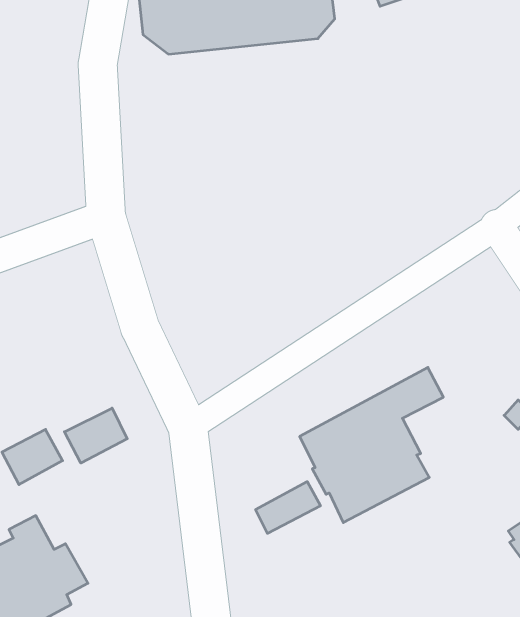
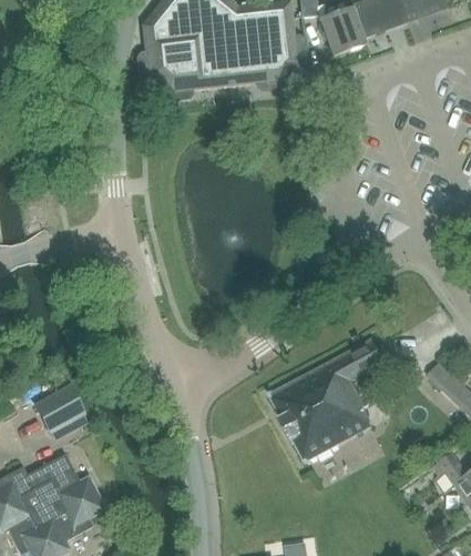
building: [64,408,127,463] -> none
building: [256,482,320,533] -> none

